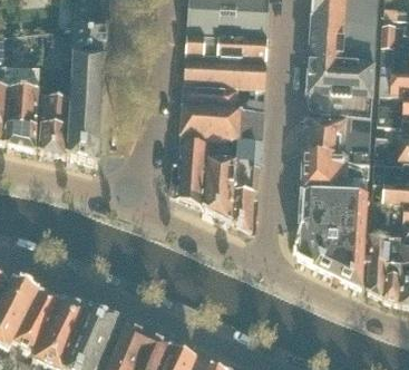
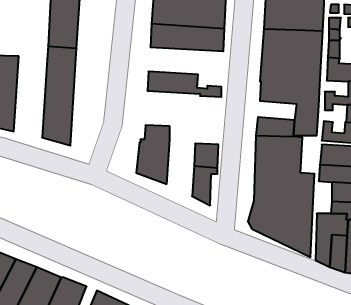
building: [185,55,267,86] -> none
building: [41,67,74,154] -> none
building: [182,103,265,138] -> none
building: [305,114,348,135] -> none
building: [205,156,237,218] -> none

